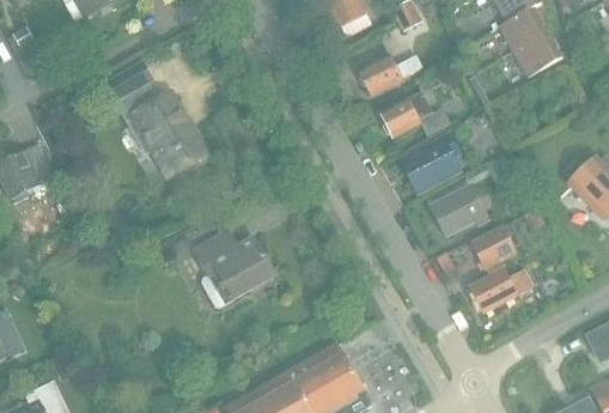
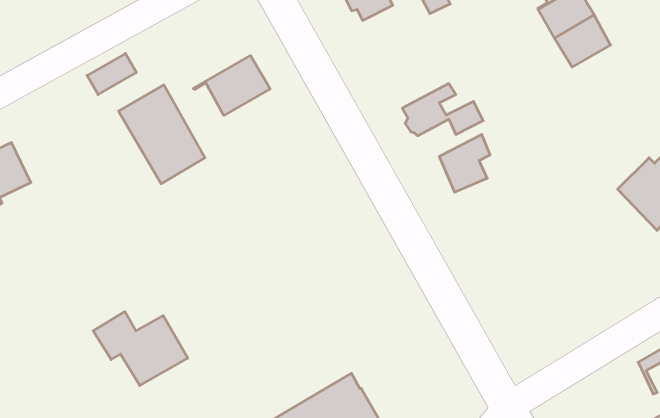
building: [358,55,422,96] -> none
building: none -> [193,56,270,115]
building: [430,183,488,236] -> none
building: [470,227,535,312] -> none
building: [194,233,276,298] -> [93,312,188,386]

